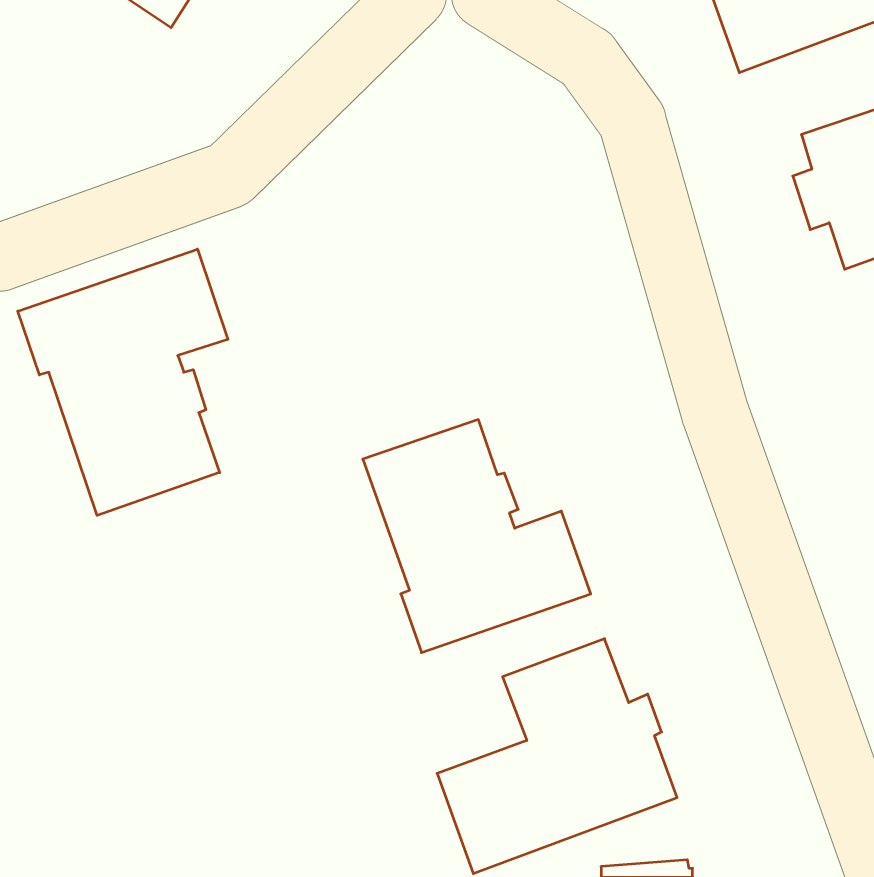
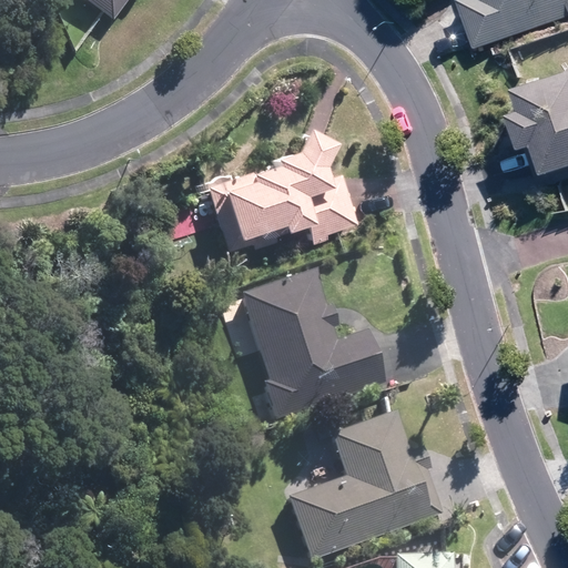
building: none -> [204,126,357,248]
building: [18,249,228,515] -> none

